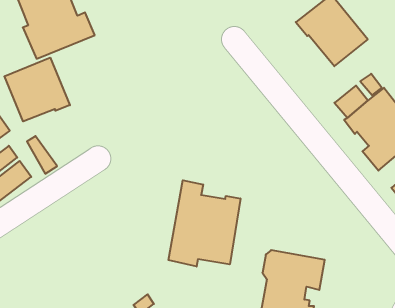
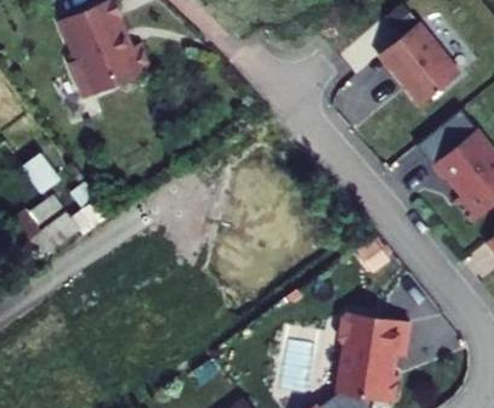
building: [4,58,70,121] -> none
building: [168,180,240,267] -> none

